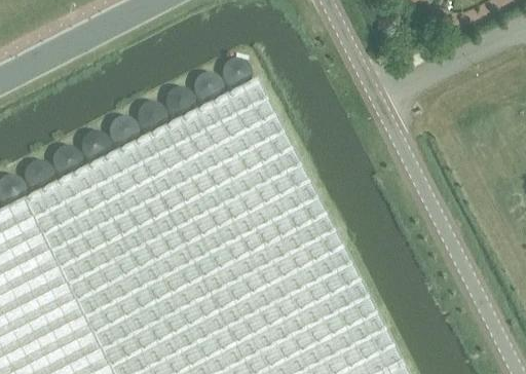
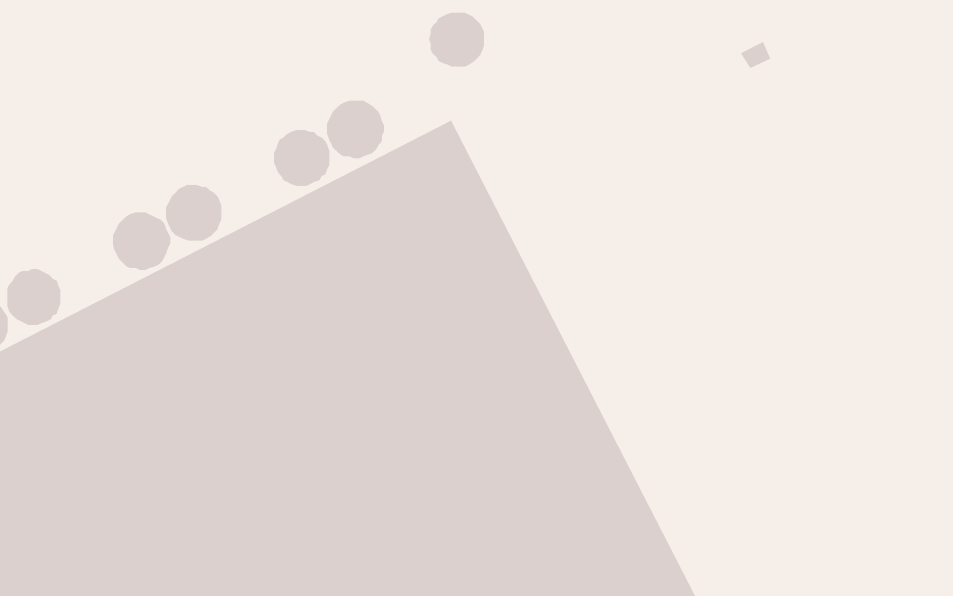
building: [222,65,252,94] -> [428,12,485,67]
building: [138,108,167,138] -> none
building: [52,151,82,182] -> none

